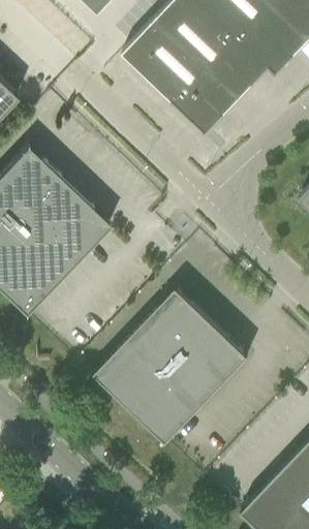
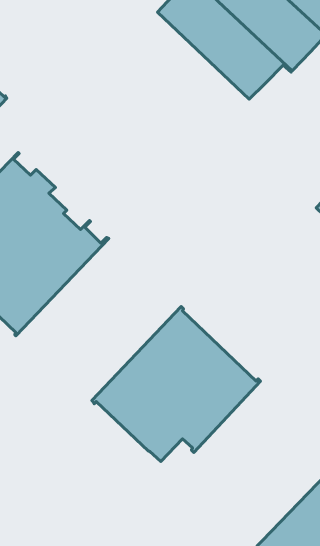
building: [123,20,239,133] -> none

